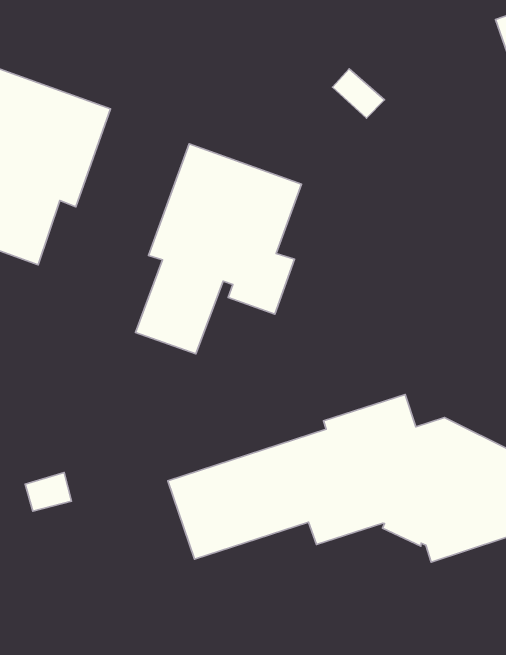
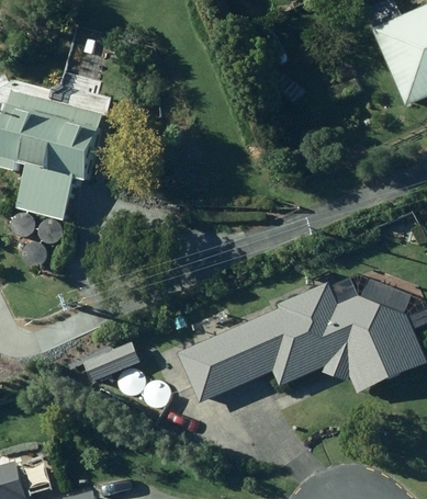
building: [136,144,301,354] -> none

